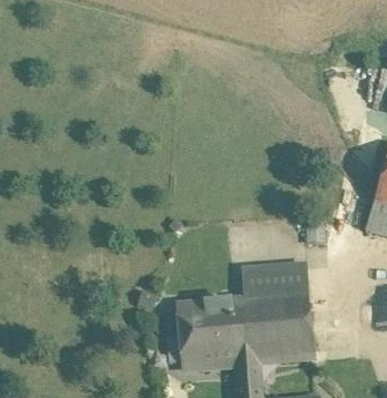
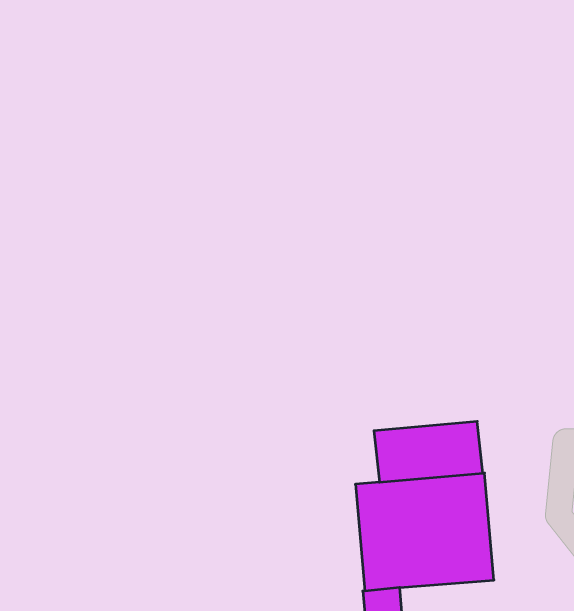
building: [177,299,235,368] -> none

